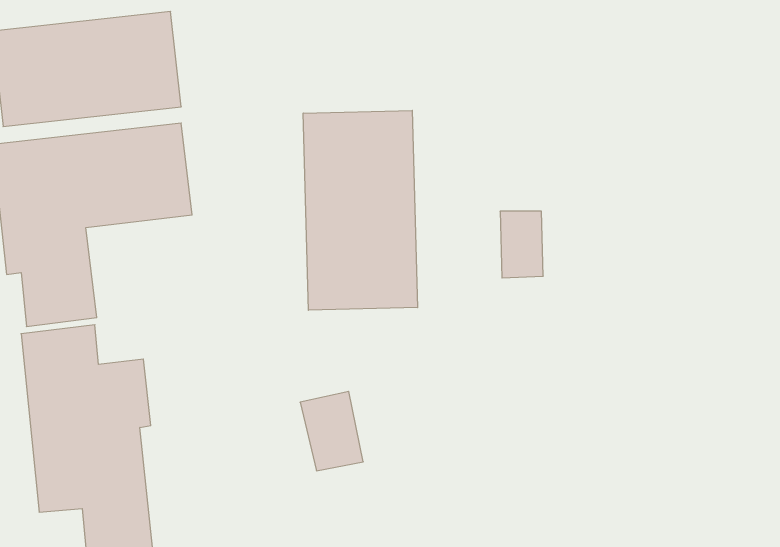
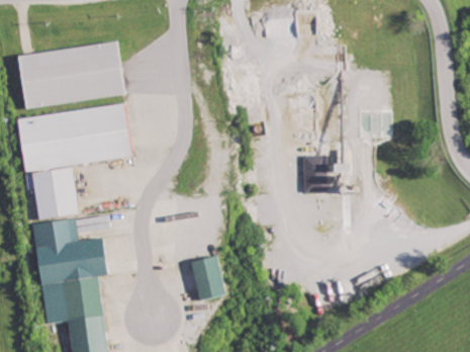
building: [303,110,418,310] -> none

